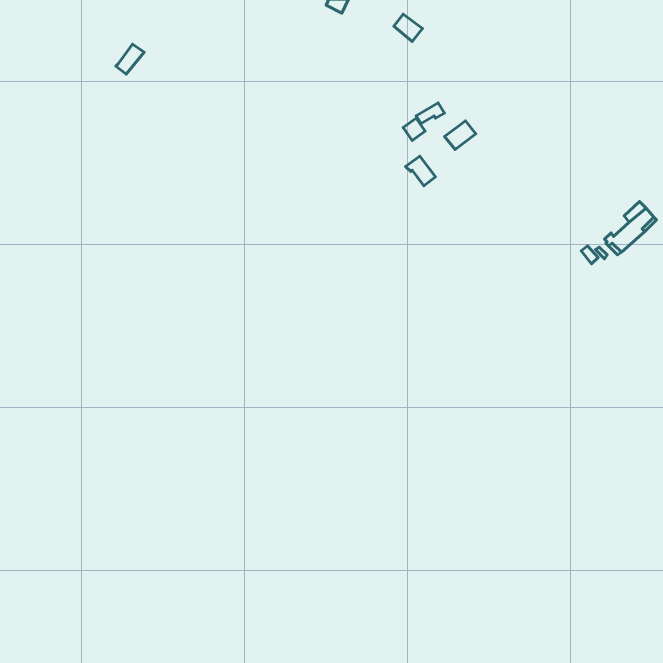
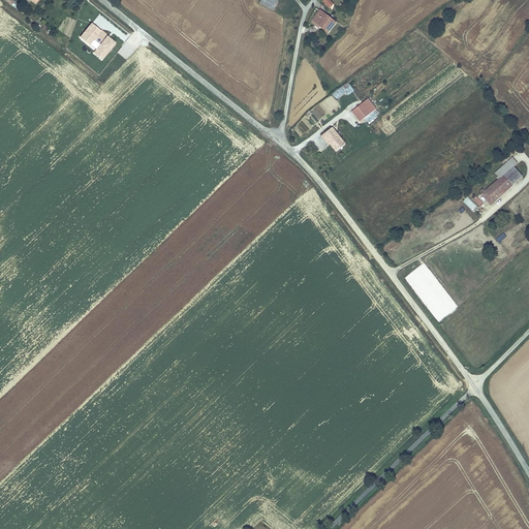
building: none -> [77,23,106,51]

